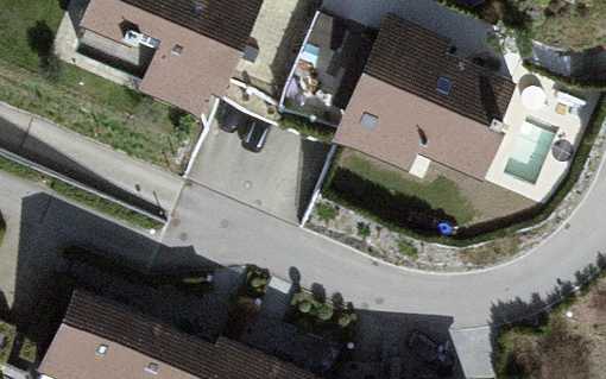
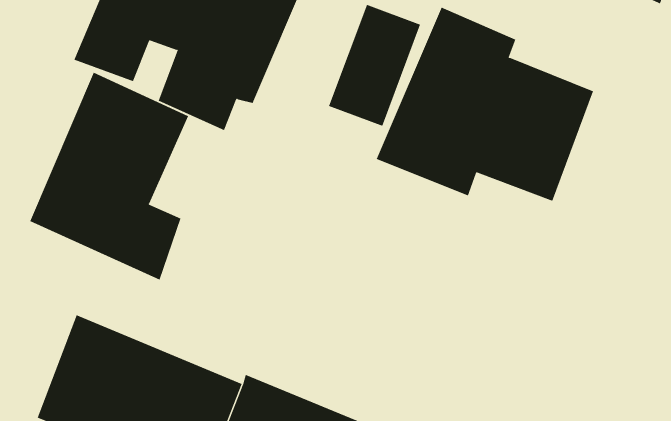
building: none -> [30,72,189,281]

